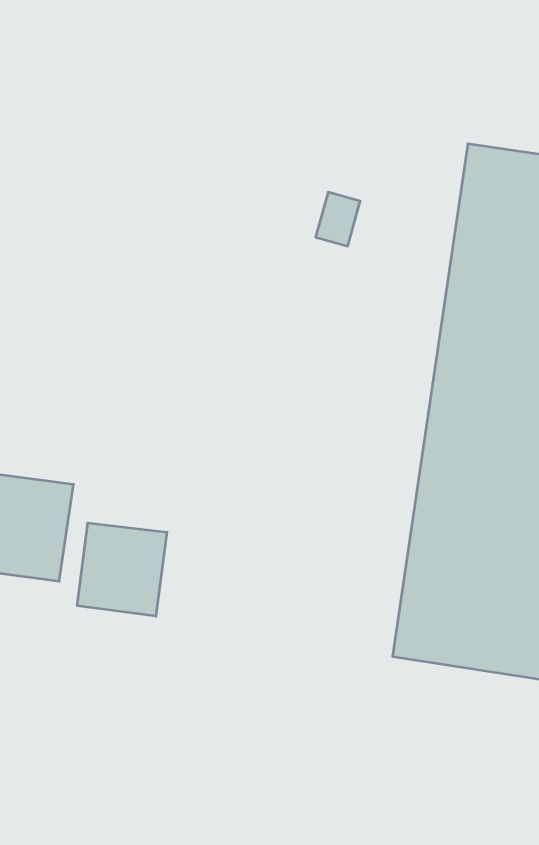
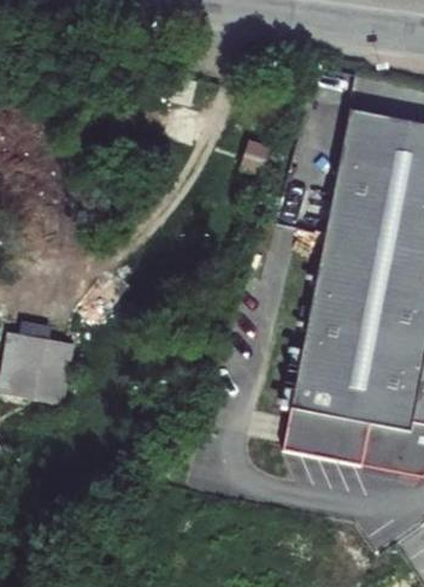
building: [77,523,167,616] -> none

